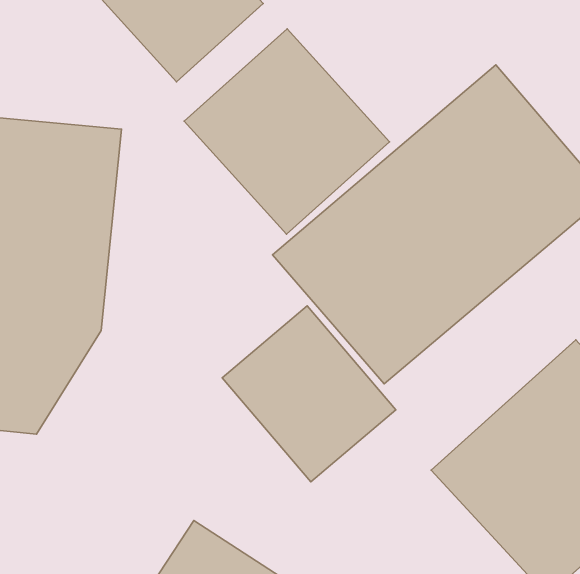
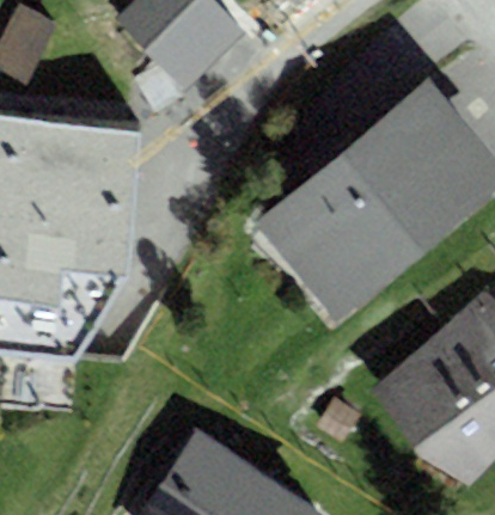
building: [184,29,389,234] -> none
building: [222,306,396,482] -> none

